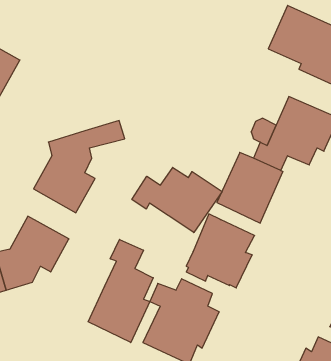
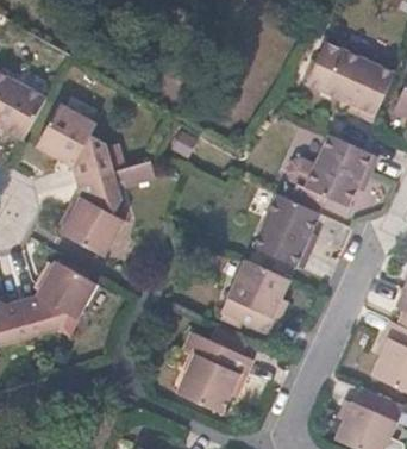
building: none -> [36,102,114,183]
building: [132,167,222,233] -> none
building: [88,239,153,343] -> none

